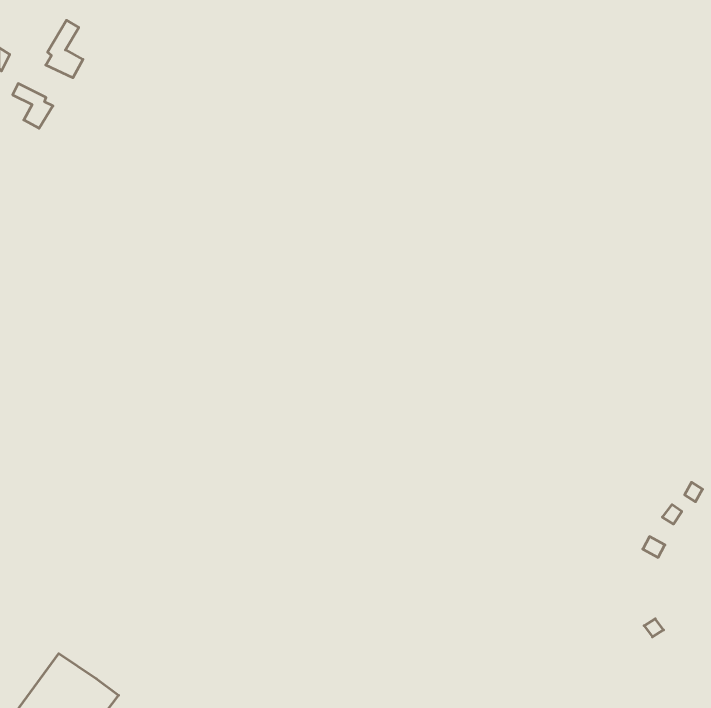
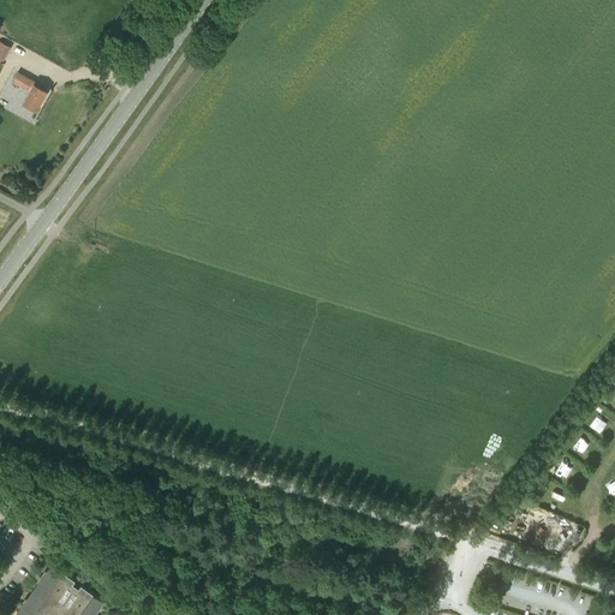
building: [46,20,83,78] -> none

